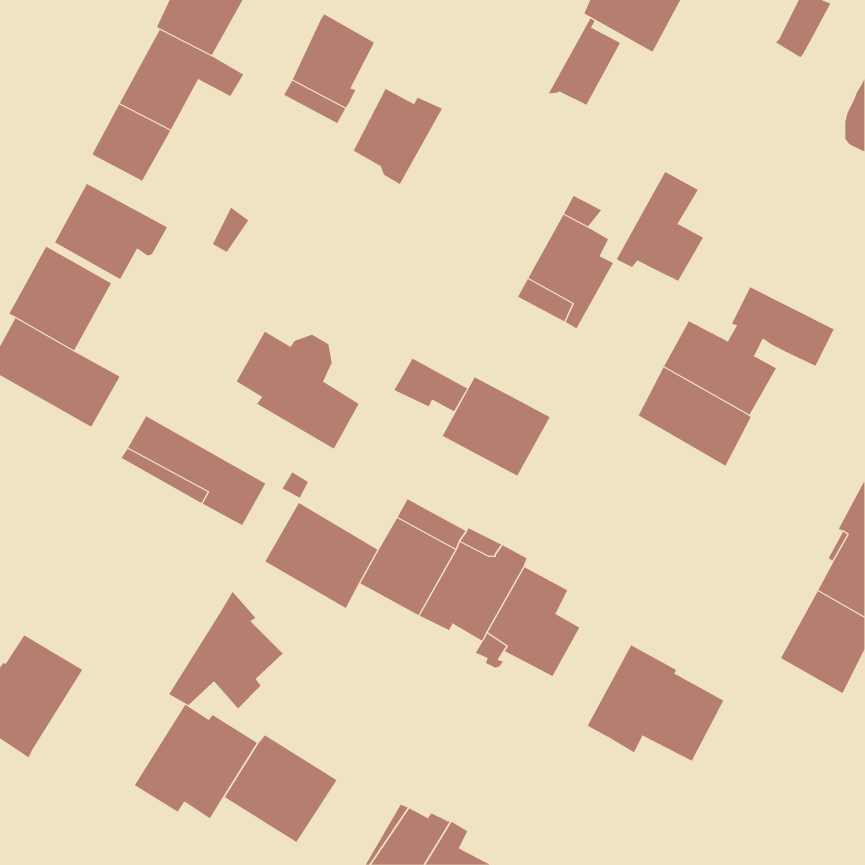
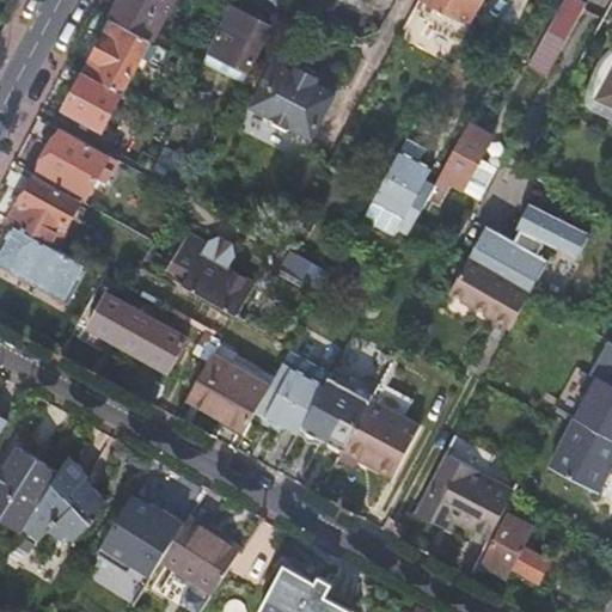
building: [548,17,621,106] -> [282,76,333,139]
building: [442,377,550,476] -> none
building: [168,591,283,709] -> [23,457,104,540]
building: none -> [481,514,549,579]

